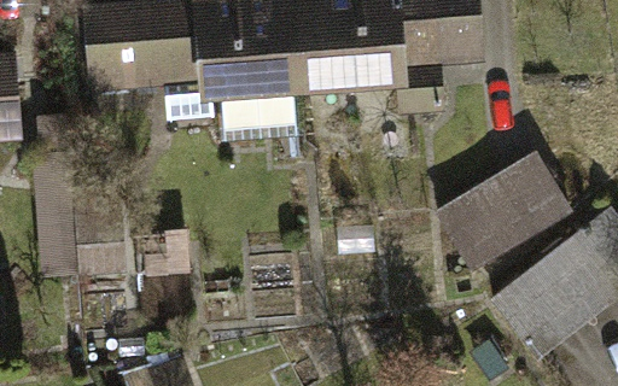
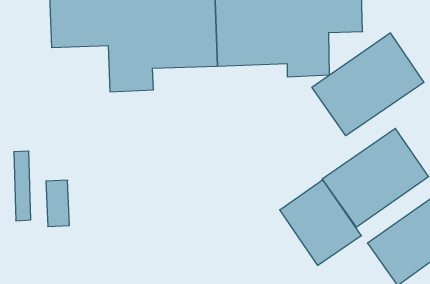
building: none -> [312,33,424,136]
building: none -> [280,180,361,265]

